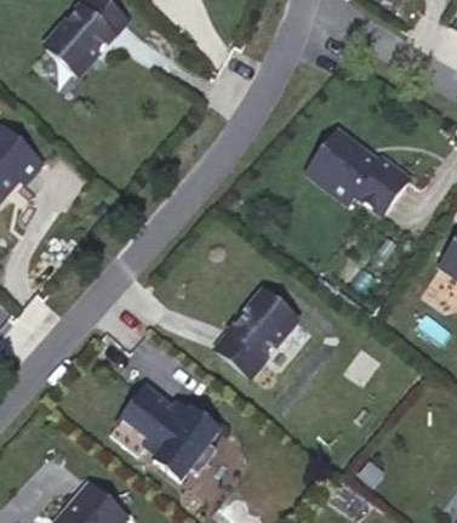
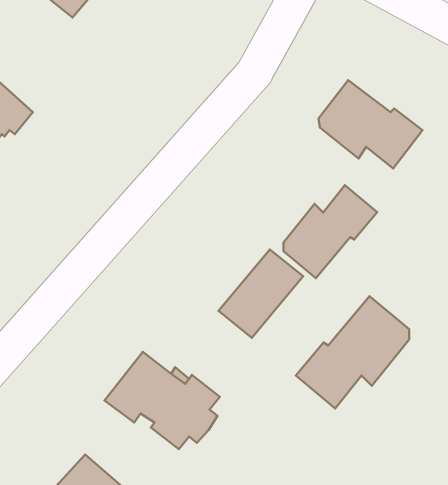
building: none -> [283,185,377,278]
building: none -> [296,296,409,408]

